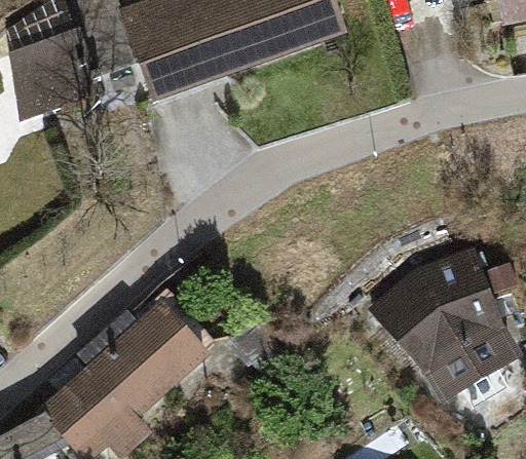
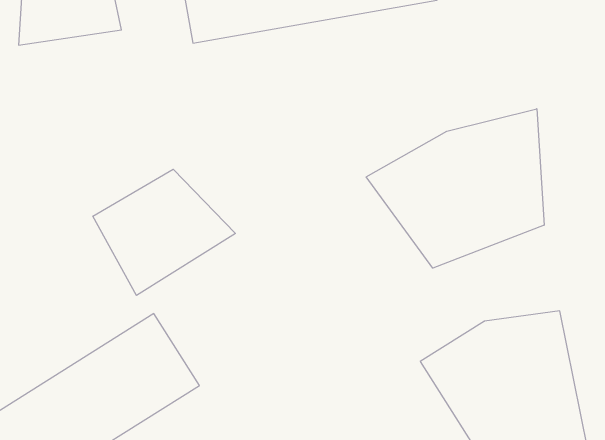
building: none -> [366,109,544,268]
building: none -> [93,169,235,295]

